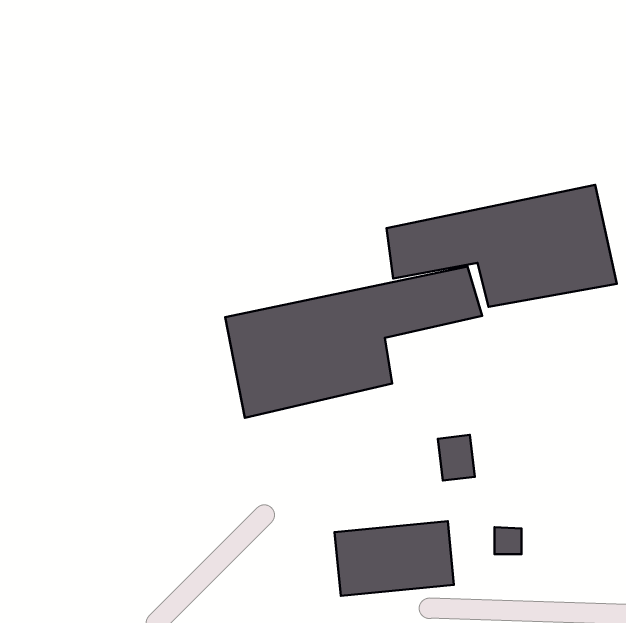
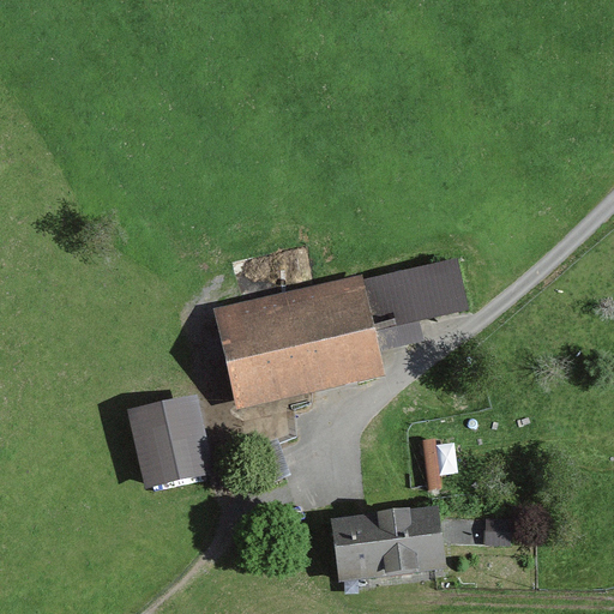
building: [387,185,617,307] -> none
building: none -> [126,395,206,483]

